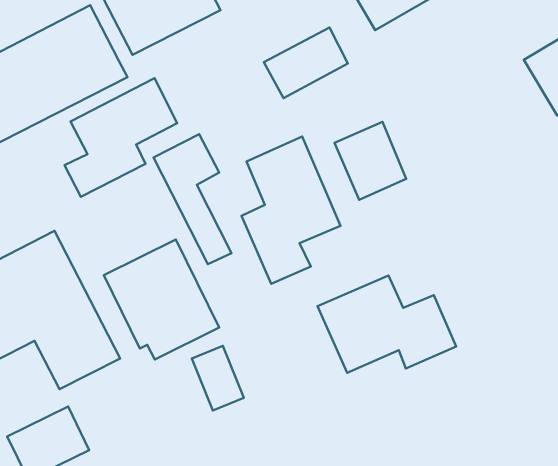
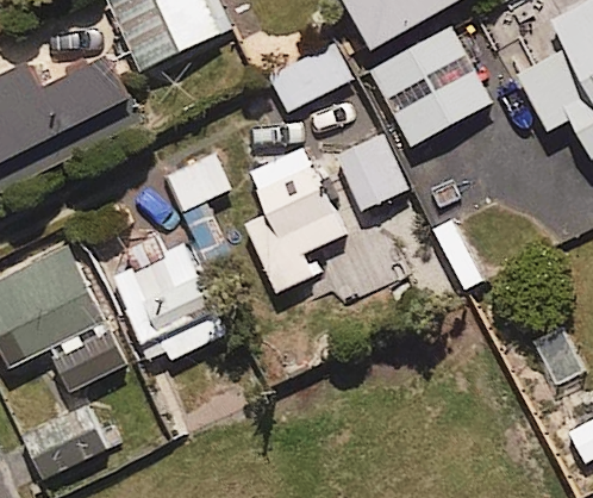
building: none -> [357,27,489,144]
building: [65,78,177,197] -> none
building: [317,275,456,373] -> none

